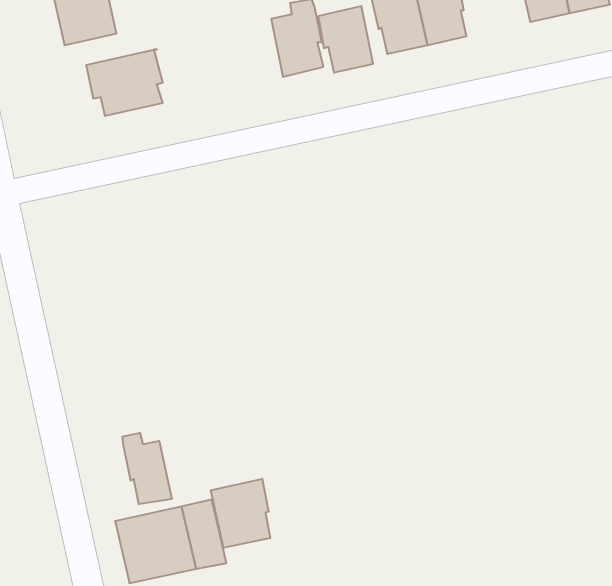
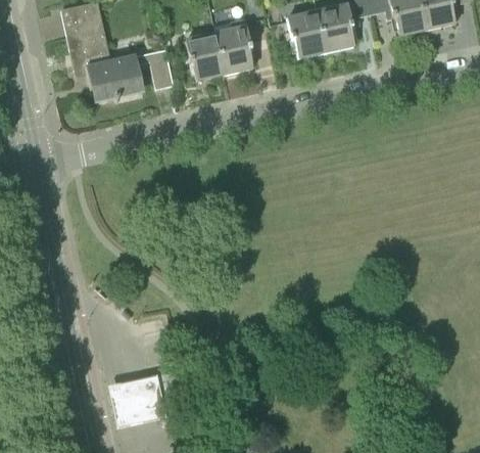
building: [318,6,373,73] -> [186,32,225,79]
building: none -> [148,53,173,88]
building: [122,433,172,504] -> none
building: [211,479,270,548] -> none

